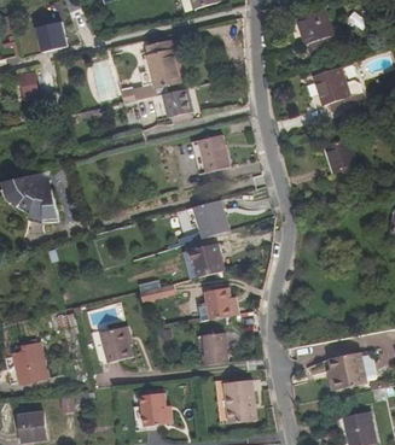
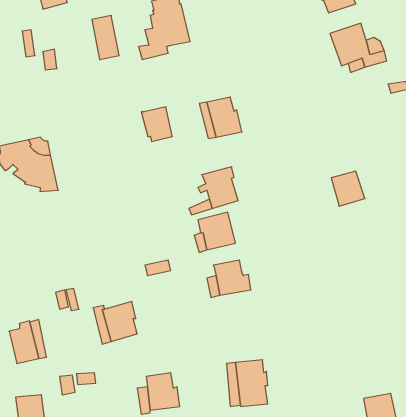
building: [162,88,191,121] -> [141,107,172,142]
building: [325,139,356,171] -> [331,171,365,206]
building: [202,330,227,364] -> none
building: [327,351,364,391] -> none

